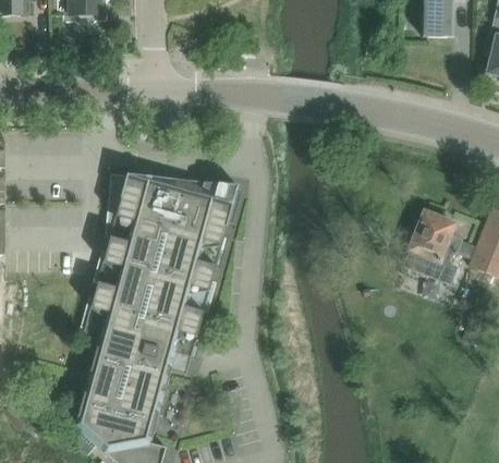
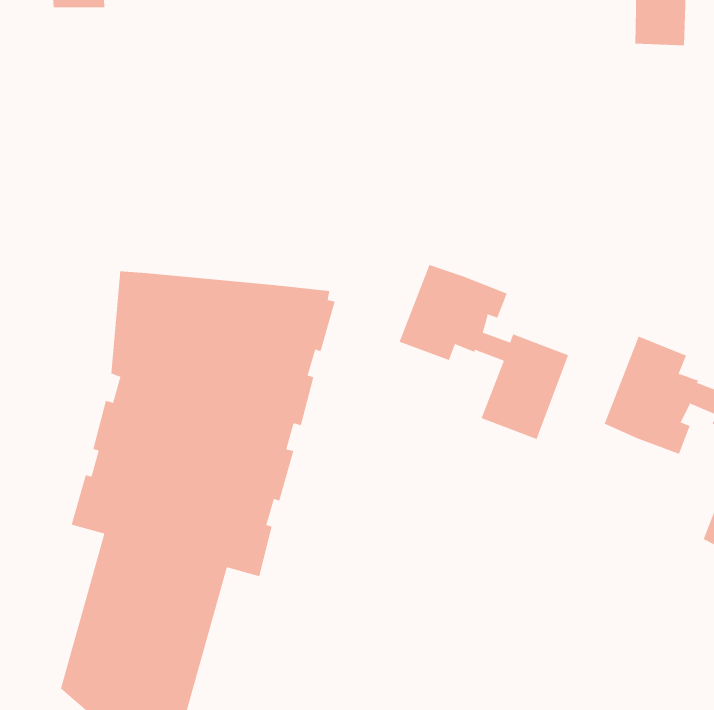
building: none -> [399,264,569,440]

